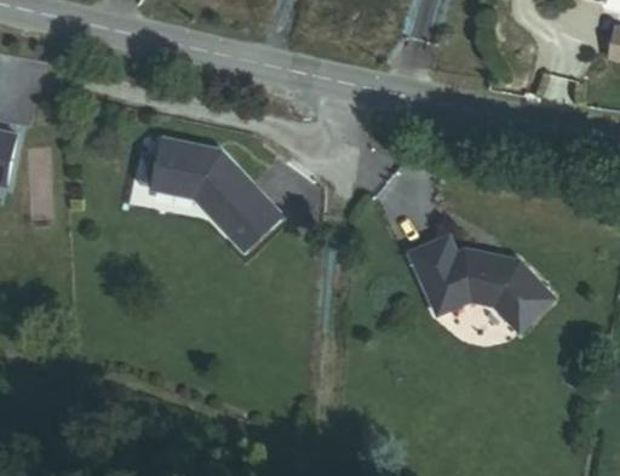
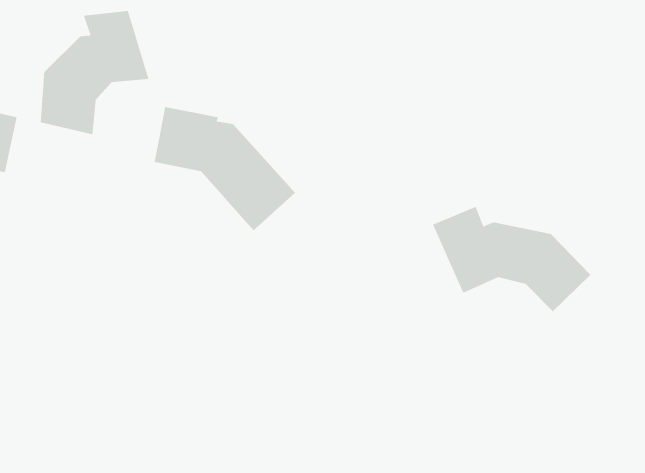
building: none -> [40,10,149,135]

